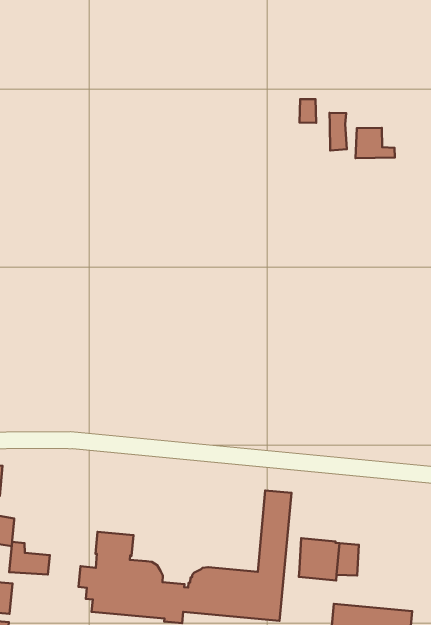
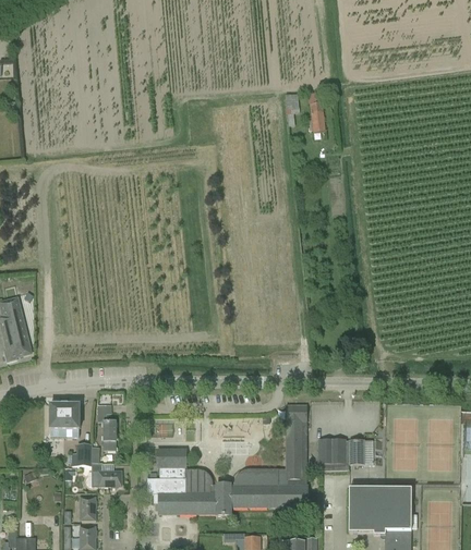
building: [356,128,395,158] -> none
building: none -> [97,404,116,449]

